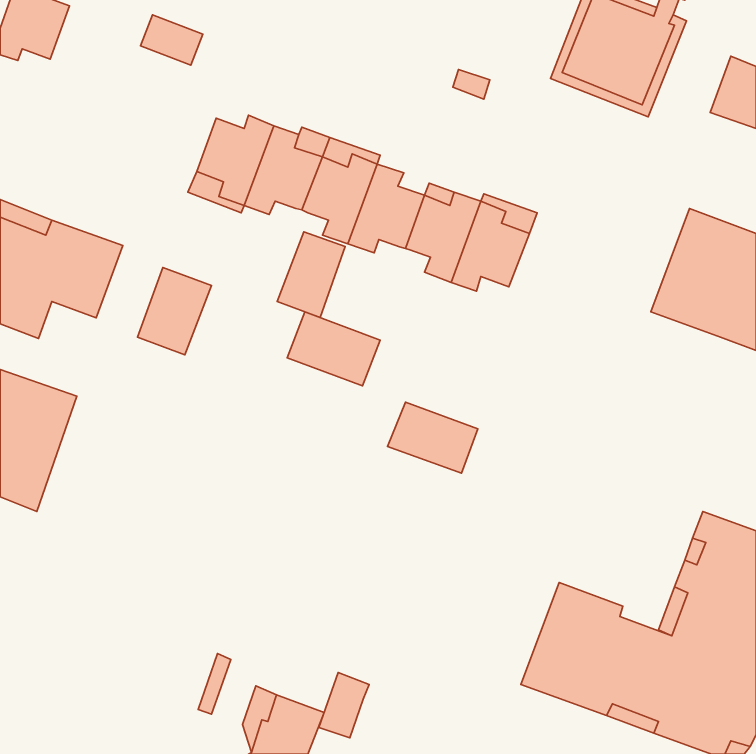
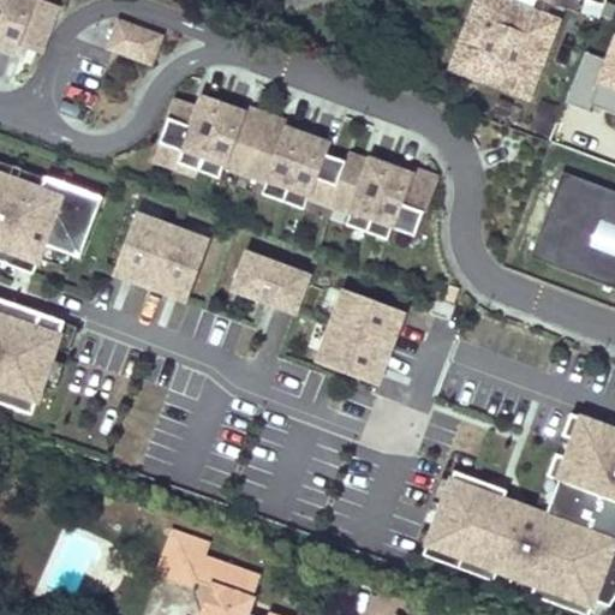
building: [277,232,345,318] -> [150,232,205,301]
building: none -> [329,289,401,348]
building: [319,673,369,738] -> [172,536,213,589]

